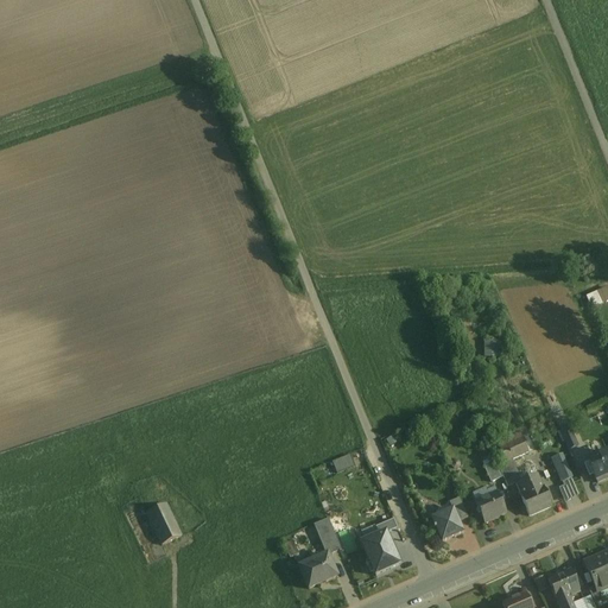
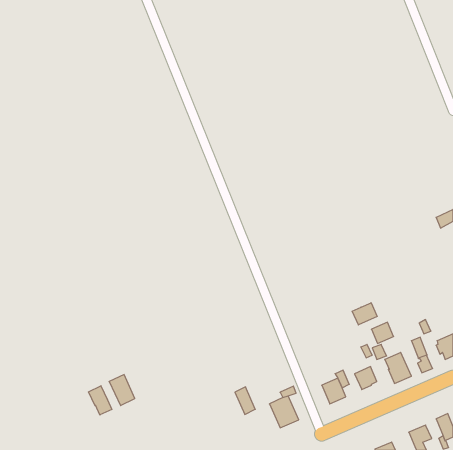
building: none -> [352,303,377,325]
building: none -> [88,386,112,415]
building: [299,555,340,591] -> none

